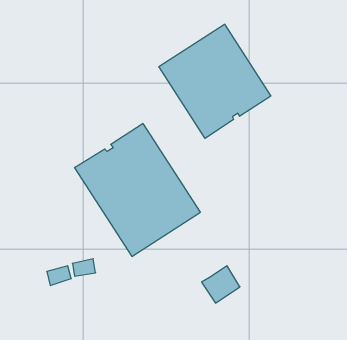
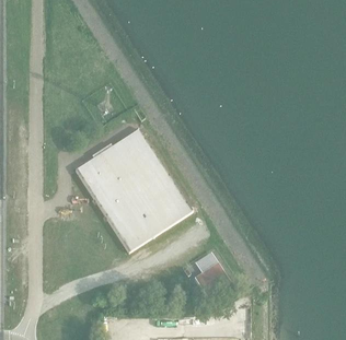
building: [159,24,271,138] -> none

